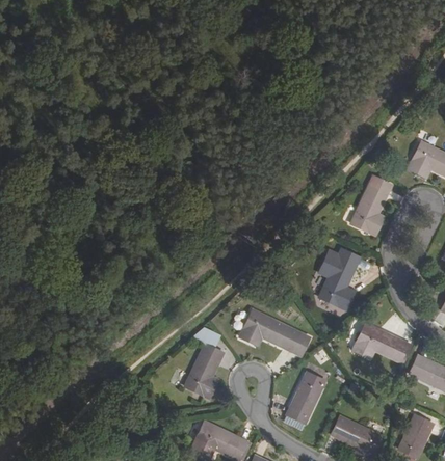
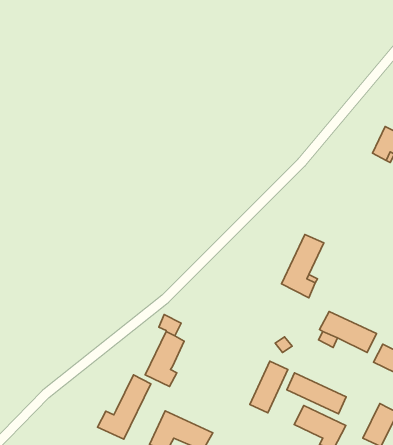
building: [350,175,391,235] -> none
building: [239,308,300,350] -> none
building: none -> [287,373,346,414]
building: none -> [98,375,151,439]

